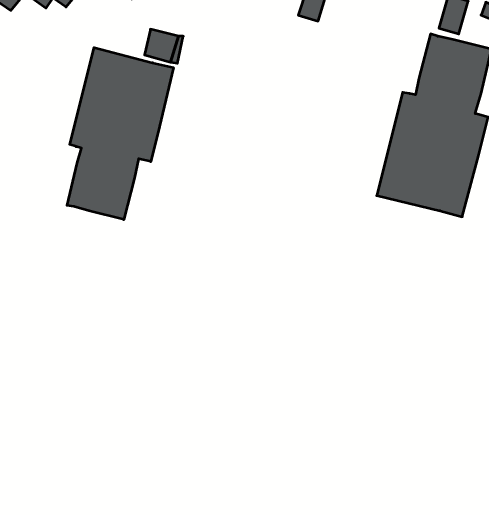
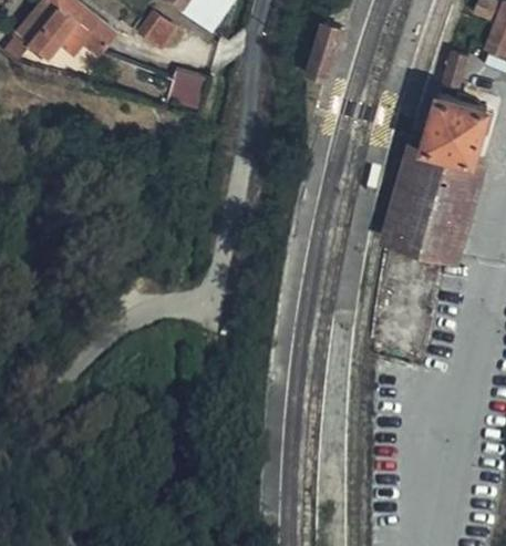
building: [67,48,173,220] -> none

